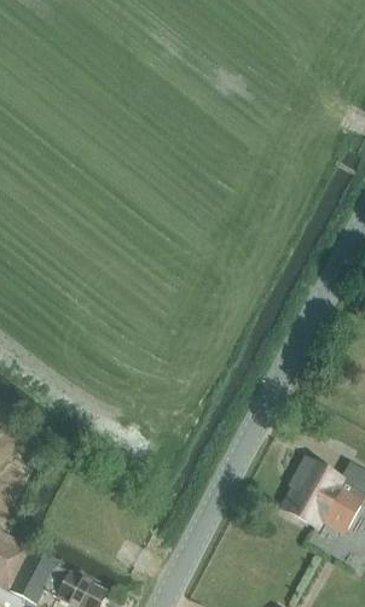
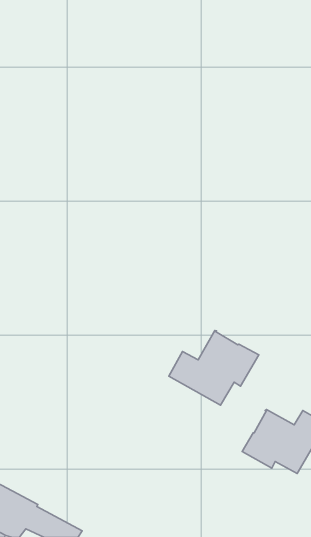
building: none -> [169,331,259,405]

